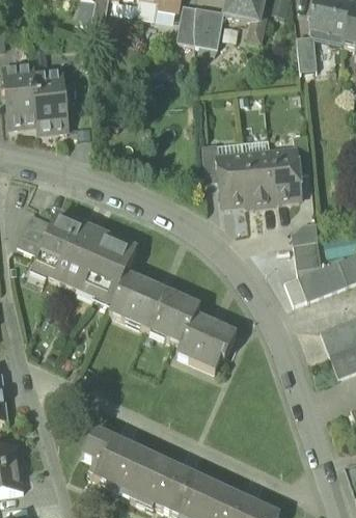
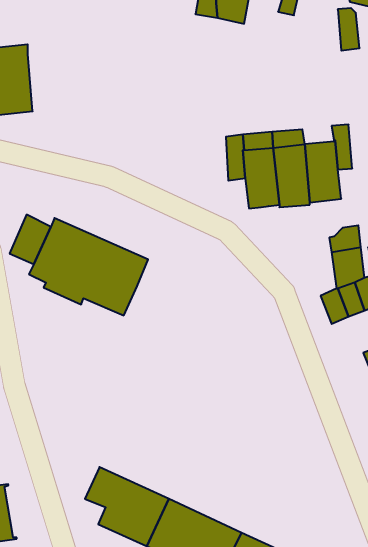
building: [34,73,69,133] -> none
building: [110,274,237,370] -> none

